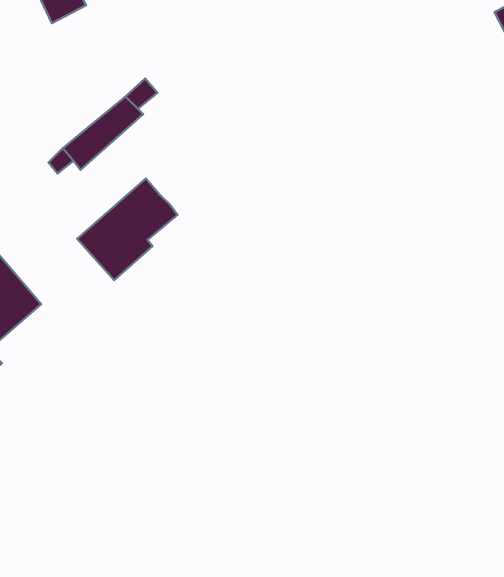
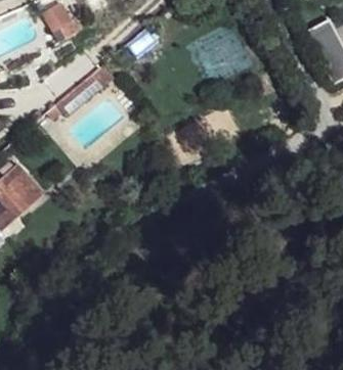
building: [77,178,178,280] -> none

